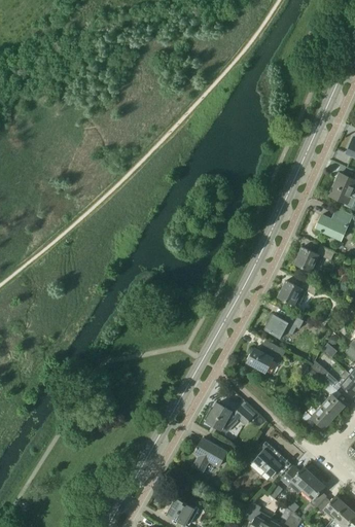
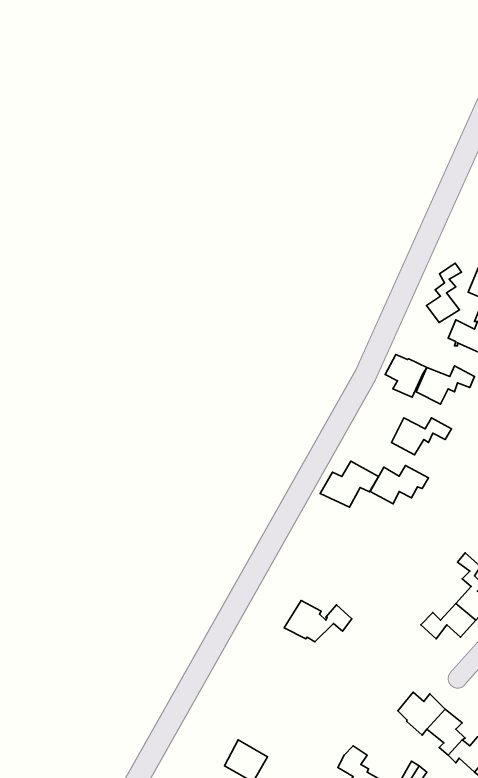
building: none -> [426,263,462,322]
building: none -> [385,355,427,397]
building: [246,341,285,372] -> [320,461,379,507]
building: [193,438,226,471] -> none
building: [253,445,292,478] -> none

